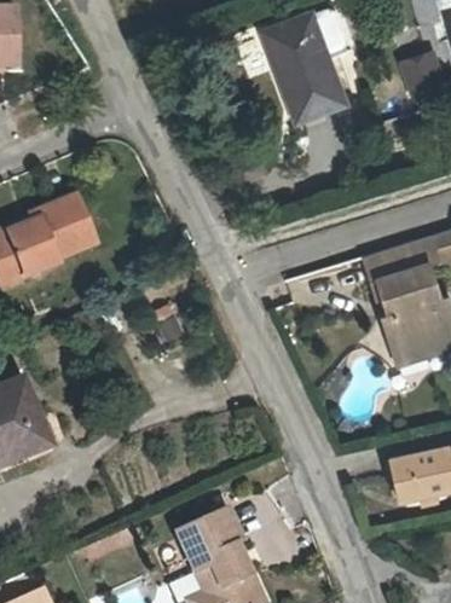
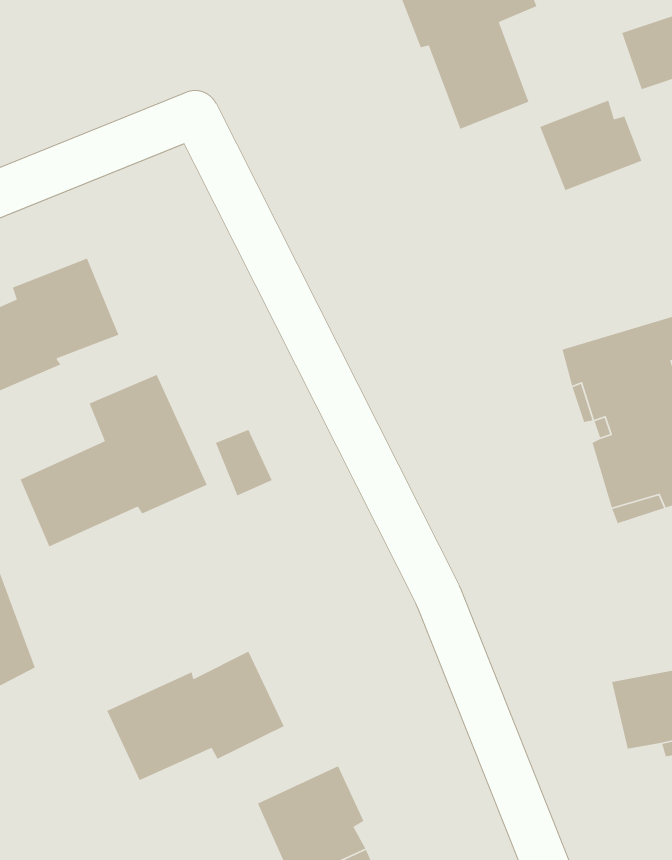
building: none -> [539,99,642,191]
building: none -> [19,374,208,547]
building: none -> [106,650,285,781]

